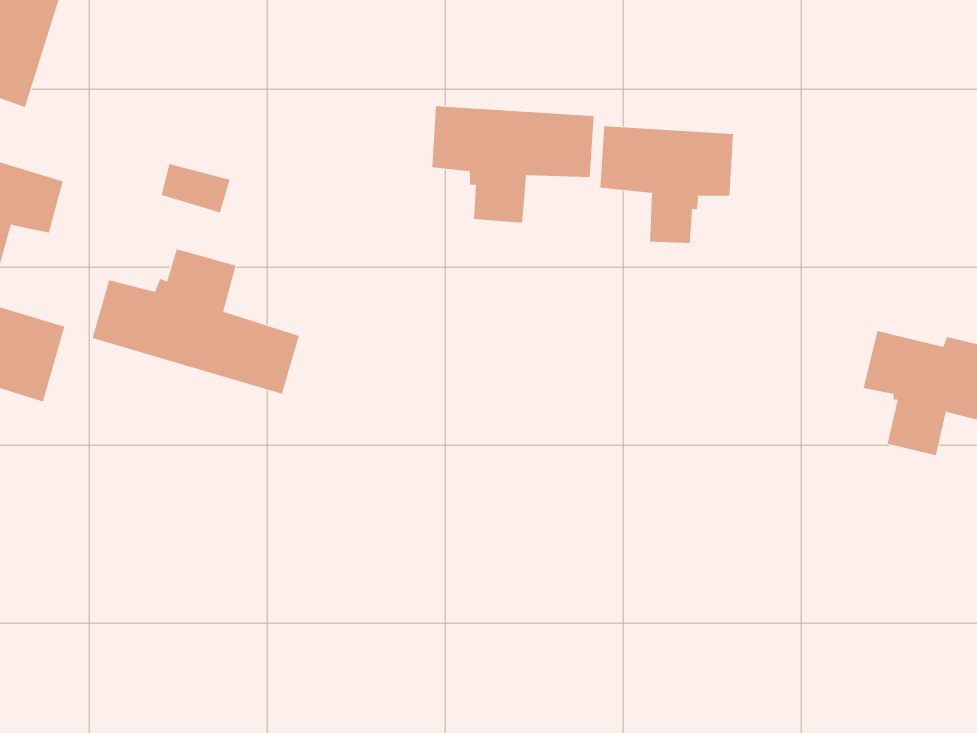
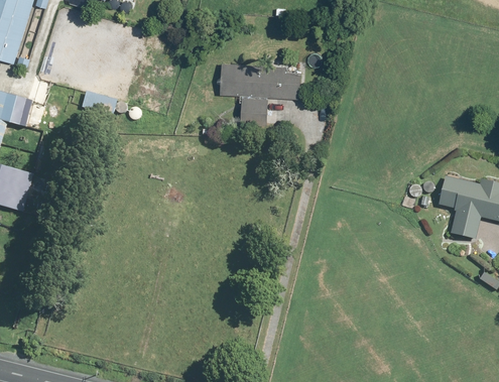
building: [600,125,734,244] -> none
building: [92,248,299,395] -> none

